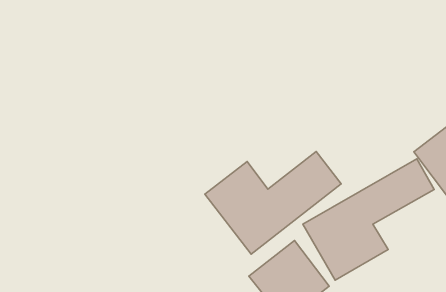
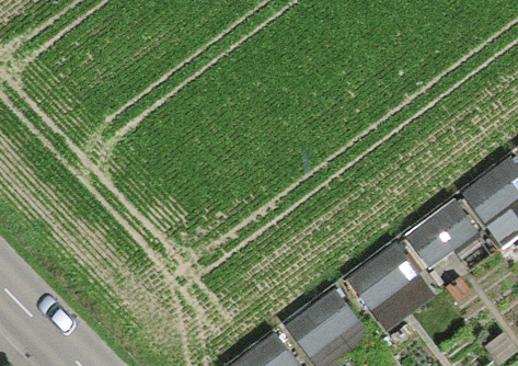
building: [205,151,341,254] -> none

